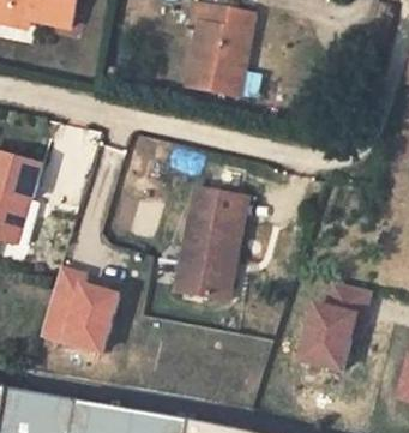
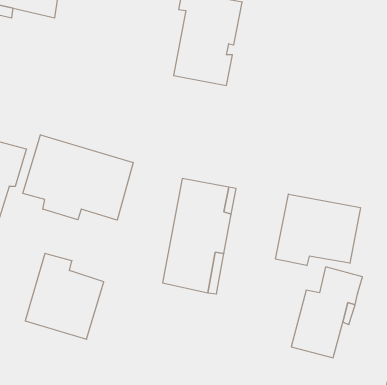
building: none -> [23,135,133,220]
building: none -> [276,194,360,266]

